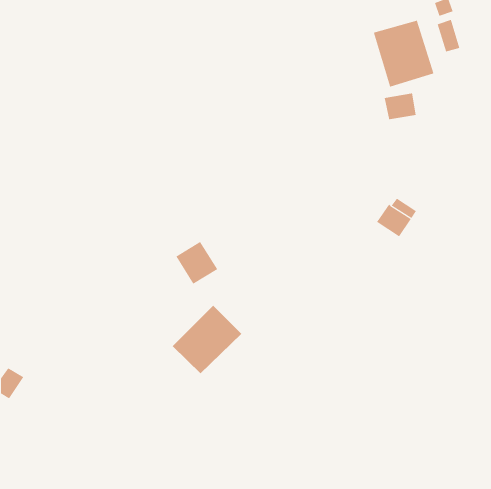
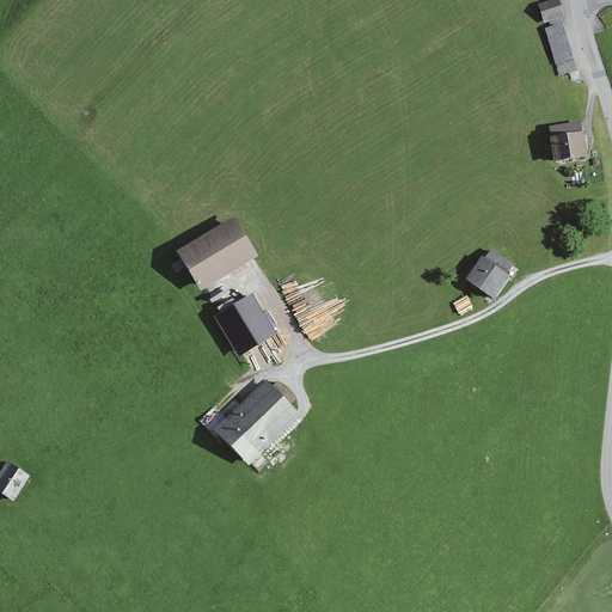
building: [373,20,434,87] -> none
building: [384,93,417,120] -> [546,131,587,165]
building: none -> [173,216,256,287]

